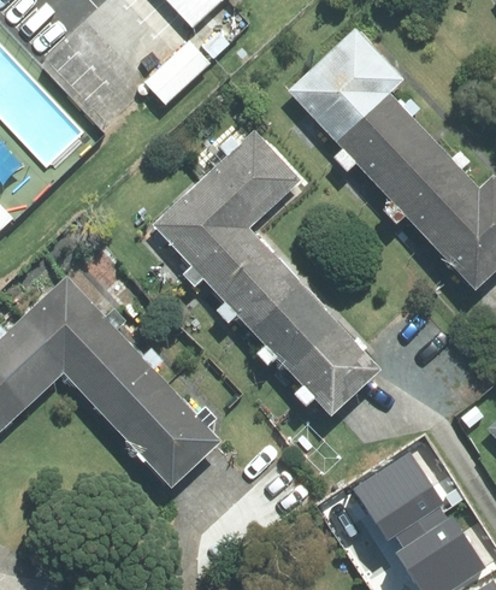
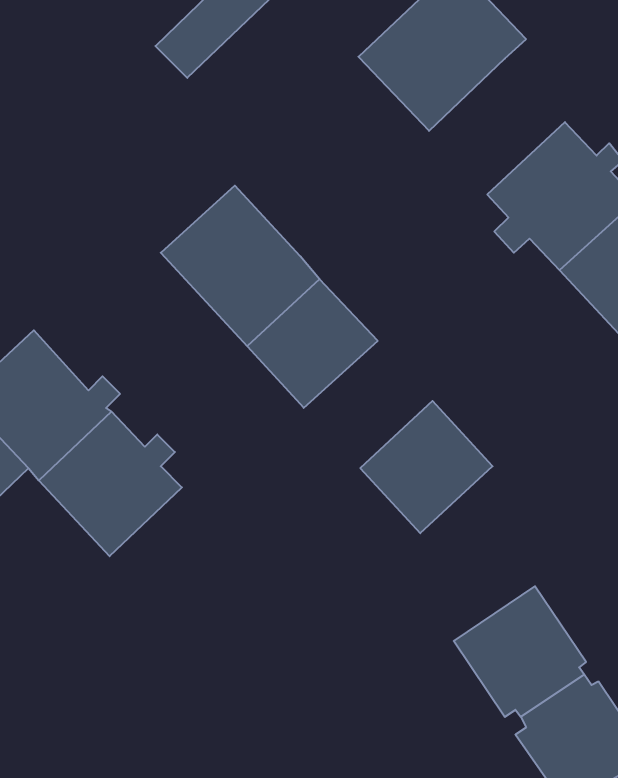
building: [332,92,429,184] -> none
building: [203,131,299,226] -> none
building: [250,284,338,371] -> none
building: [118,384,220,486] -> none

